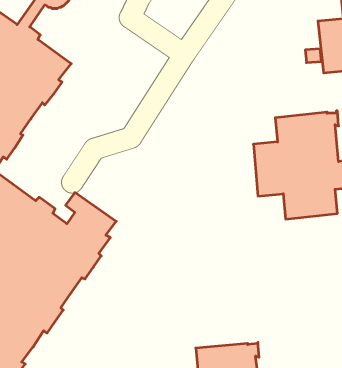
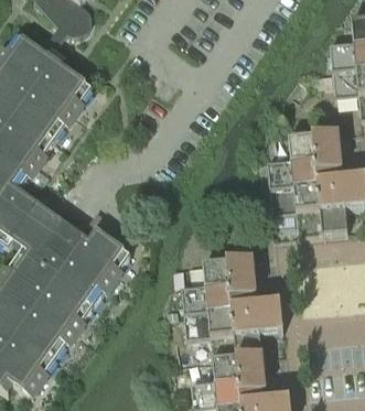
building: none -> [181,256,283,357]

